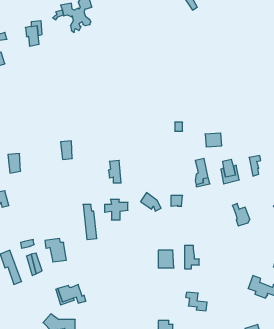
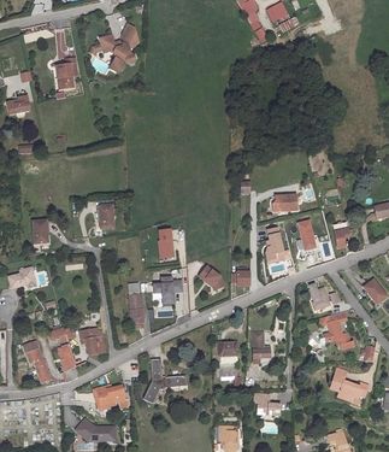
building: none -> [320,312,355,348]
building: none -> [142,357,185,404]

